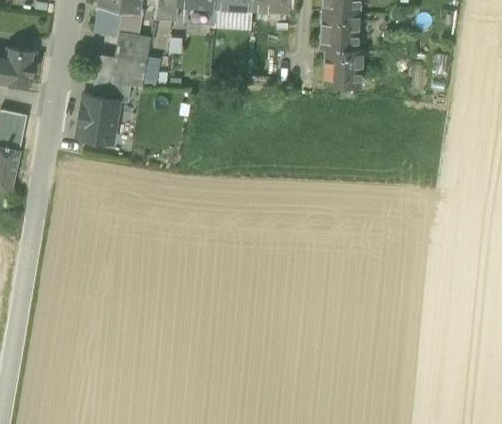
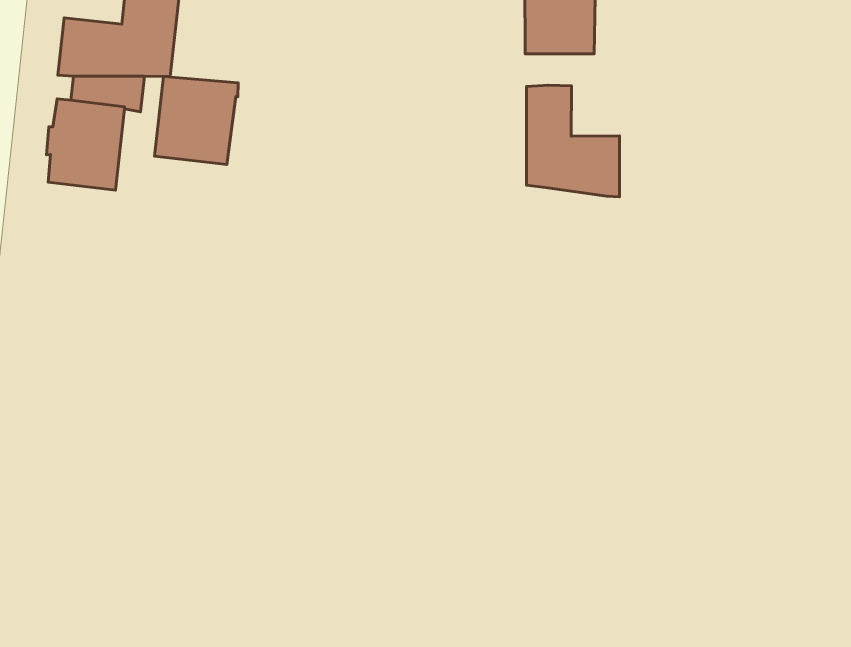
building: none -> [155,76,238,164]
building: none -> [527,85,620,197]

